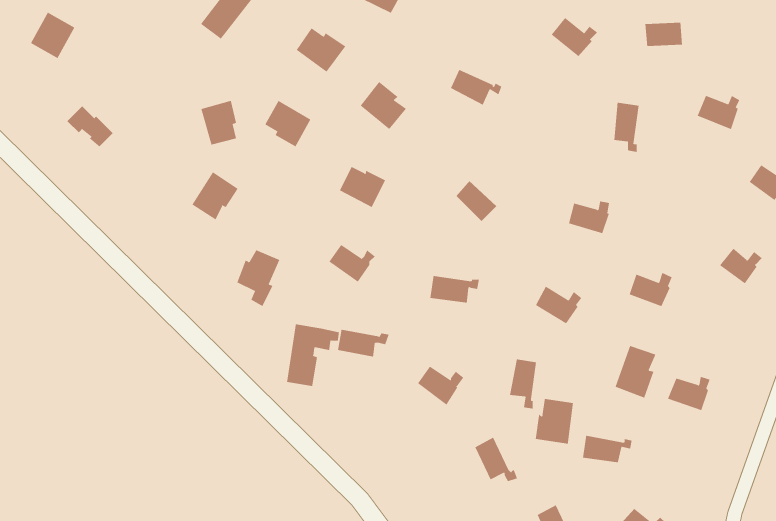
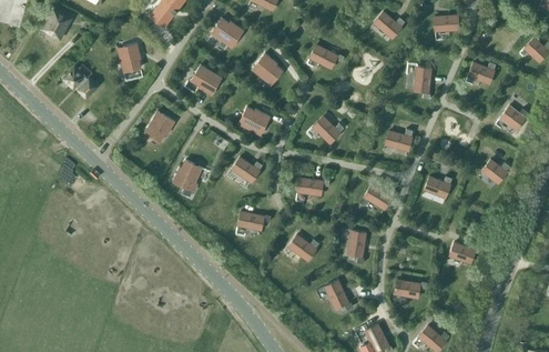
building: [200,100,237,145] -> [116,43,140,72]
building: [287,323,339,387] -> none
building: [615,345,656,398] -> none
building: [535,398,573,444] -> none

